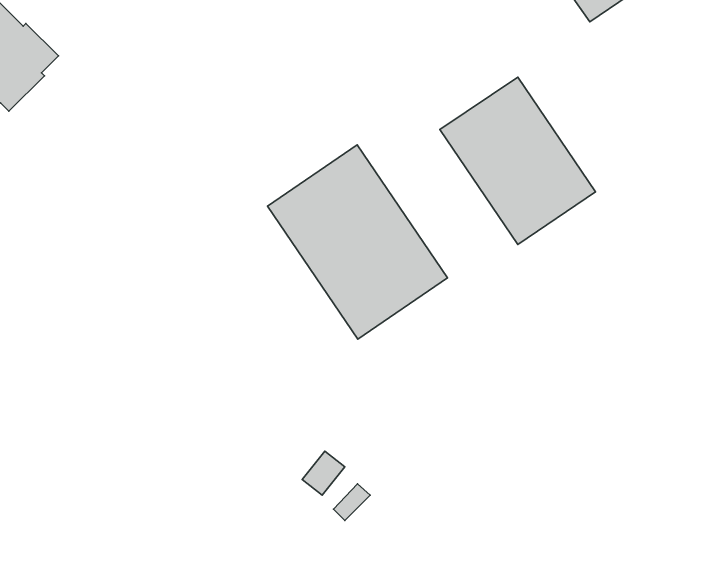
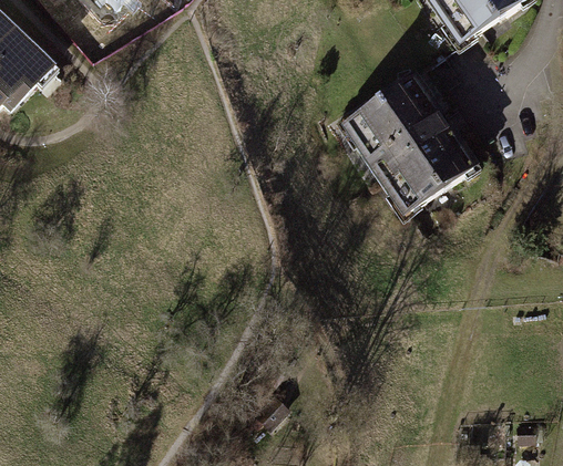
building: [268,145,447,339] -> none

